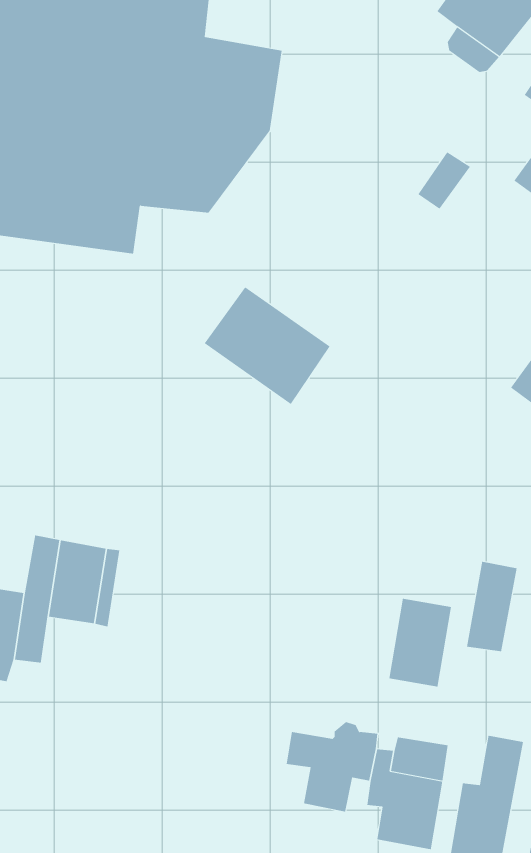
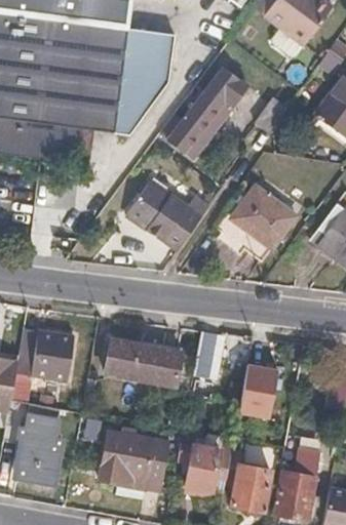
building: none -> [168,69,247,154]
building: none -> [229,184,296,248]
building: none -> [108,340,183,385]
building: [466,561,517,652] -> [191,328,222,382]
building: none -> [18,414,62,487]
building: none -> [99,430,168,496]

